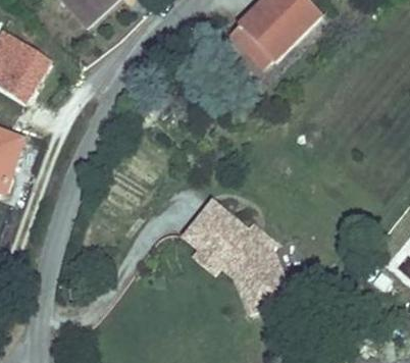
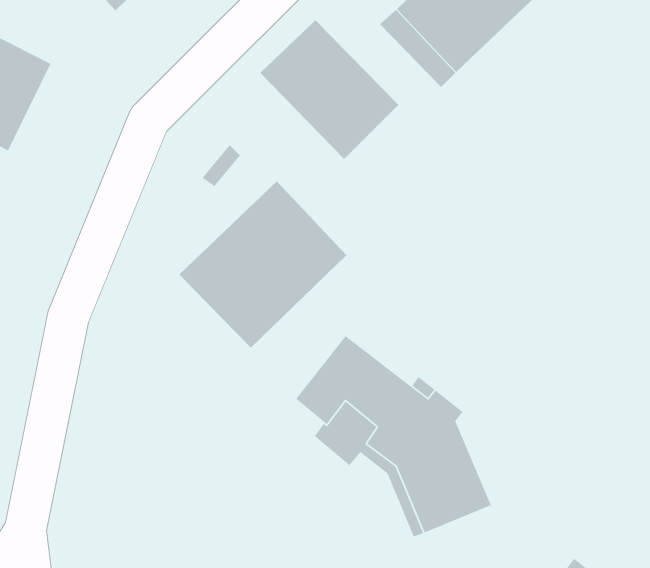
building: none -> [260,20,399,160]
building: none -> [178,180,347,349]

